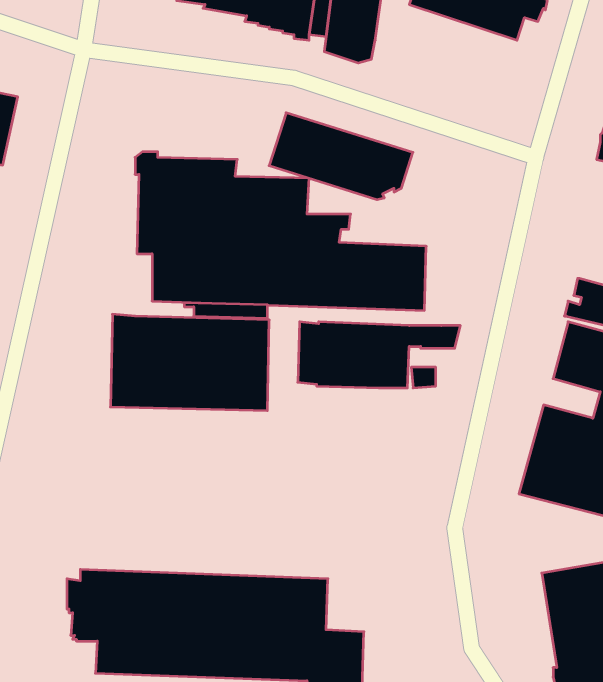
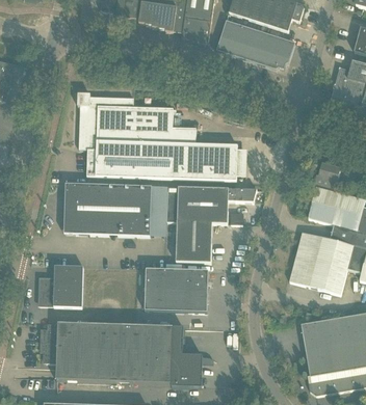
building: [269,113,413,200] -> [216,20,295,68]
building: none -> [177,221,212,262]
building: none -> [40,265,84,306]
building: none -> [145,268,208,312]

